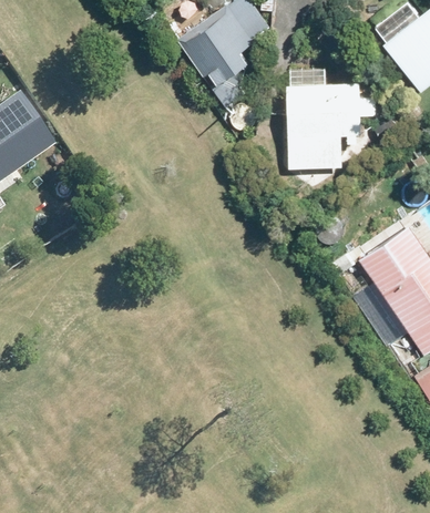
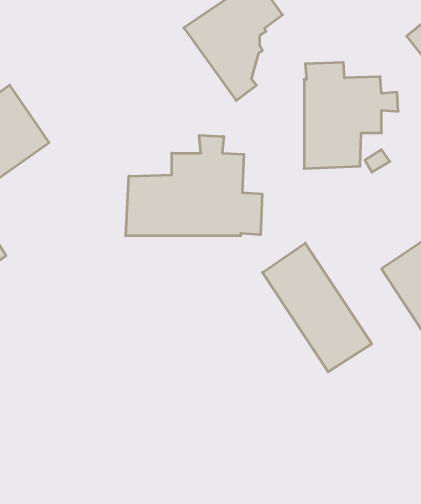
building: none -> [126,135,262,236]
building: none -> [262,243,372,372]

